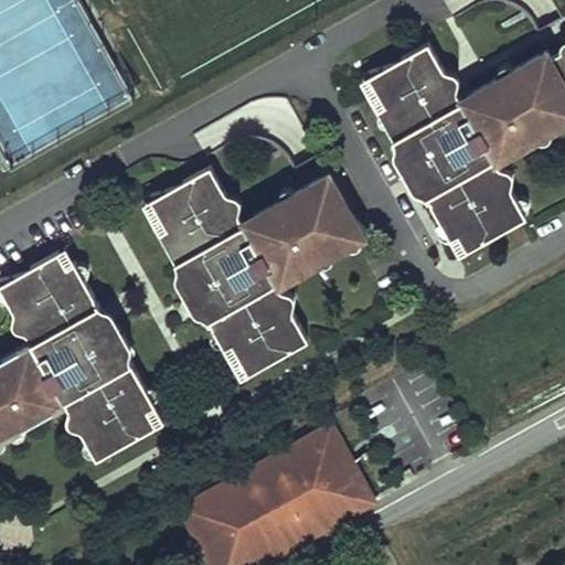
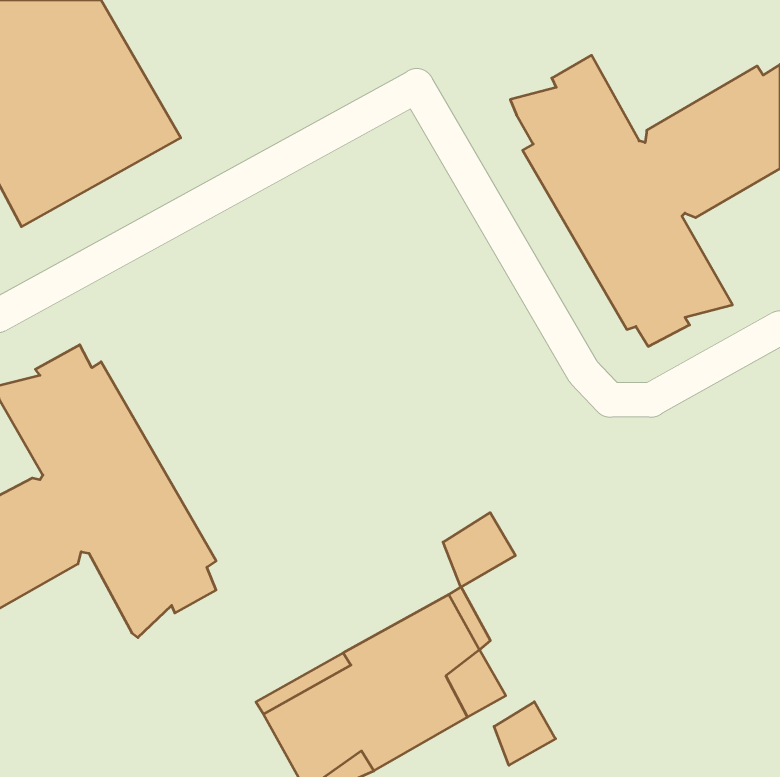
building: [151,168,366,380] -> none
building: none -> [443,513,515,587]
building: none -> [494,702,556,765]

